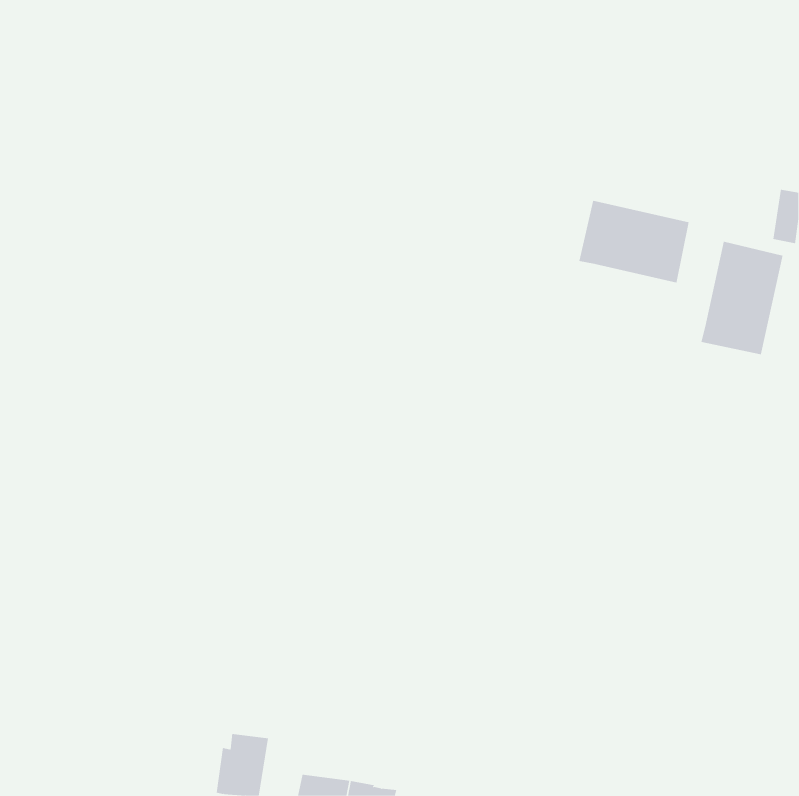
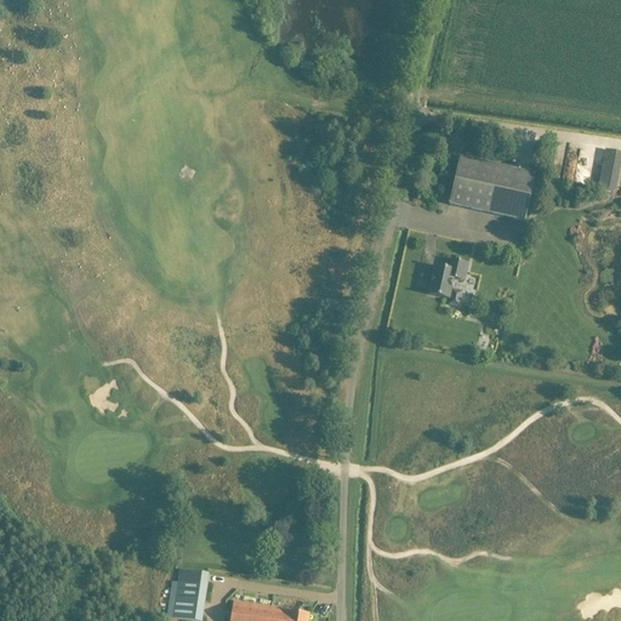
building: [701,241,783,355] -> none
building: none -> [428,257,468,304]

